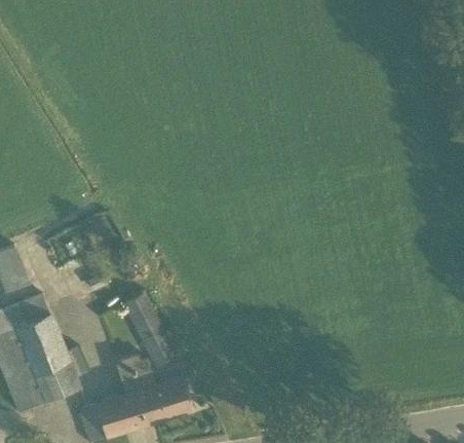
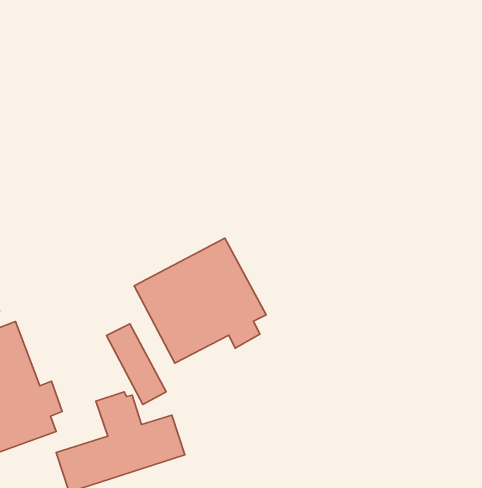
building: none -> [134,238,266,363]

